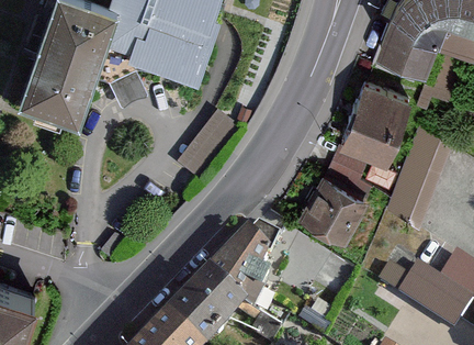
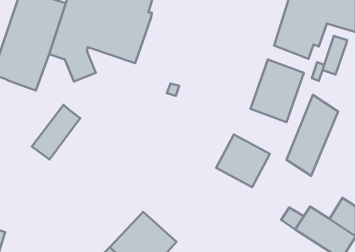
building: [173,105,234,174] -> [32,105,80,160]
building: [327,142,369,180] -> none
building: [207,221,277,310] -> none

